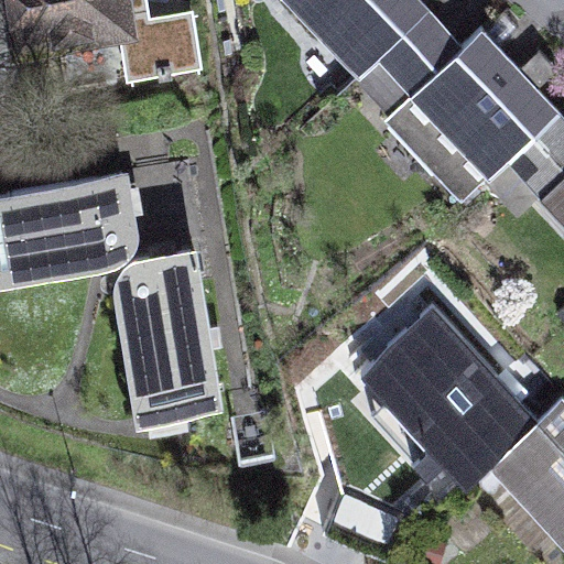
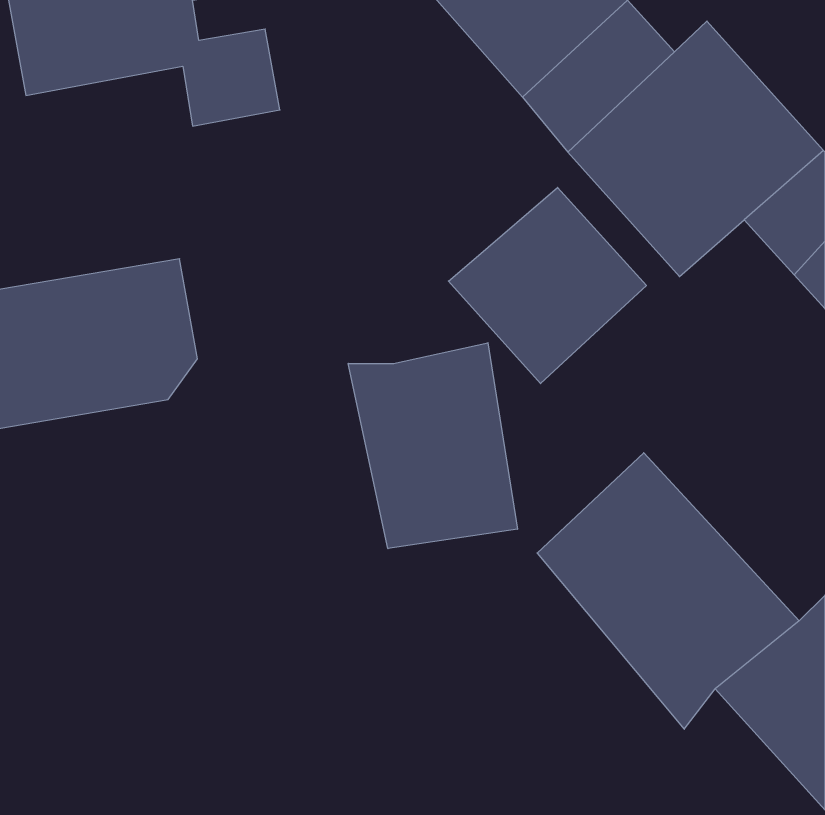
building: none -> [448,187,646,384]
building: none -> [348,343,517,549]
building: [111,257,214,422] -> none

